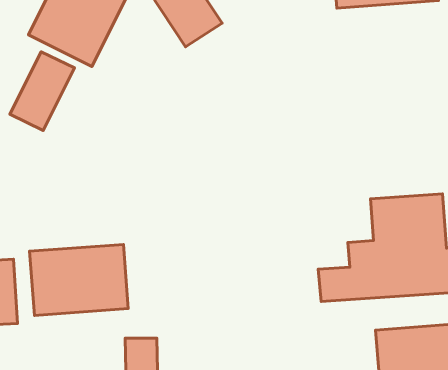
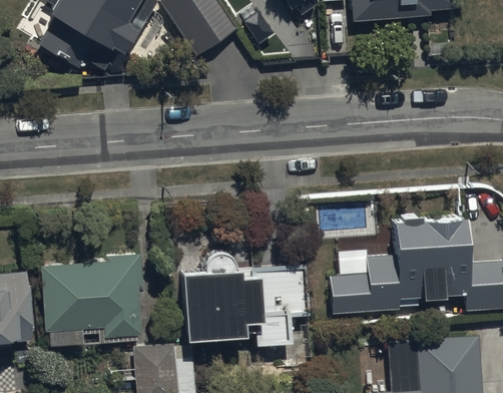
building: [10,52,74,130] -> none
building: none -> [177,255,311,342]

